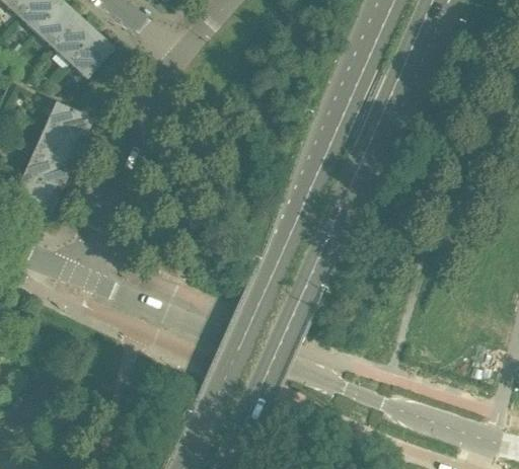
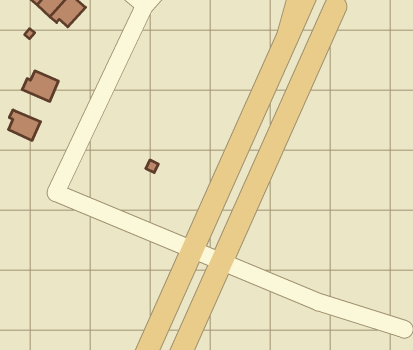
building: [46,101,88,136] -> none
building: [27,146,68,184] -> none

